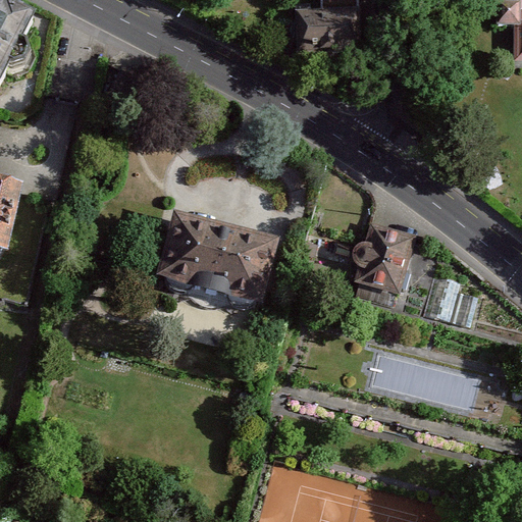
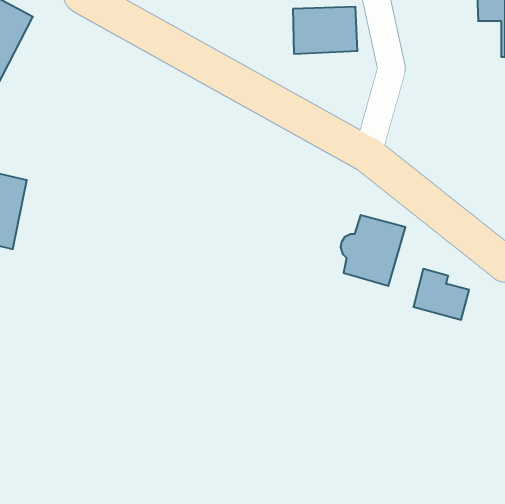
building: [150,207,274,301] -> none

